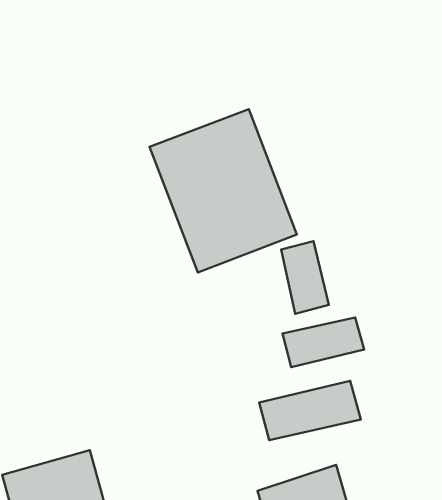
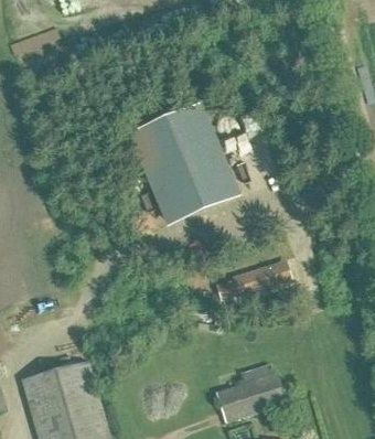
building: [281,241,329,314] -> none
building: [259,381,361,440] -> none

